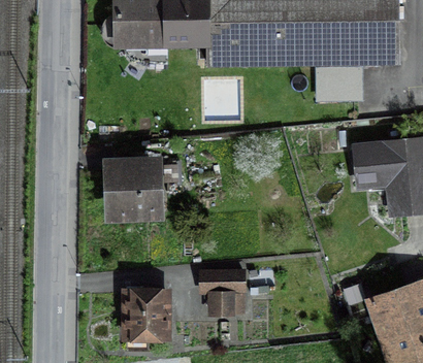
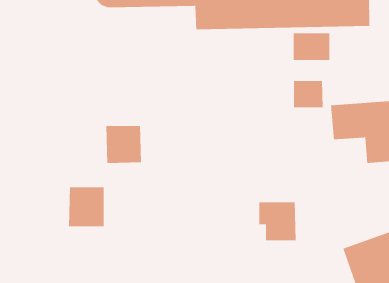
building: none -> [294,80,323,108]
building: [200,270,241,312] -> [258,202,297,241]
building: [125,291,164,334] -> [68,187,105,227]

